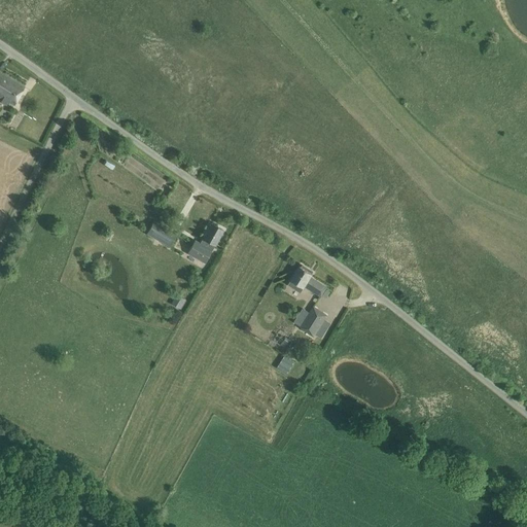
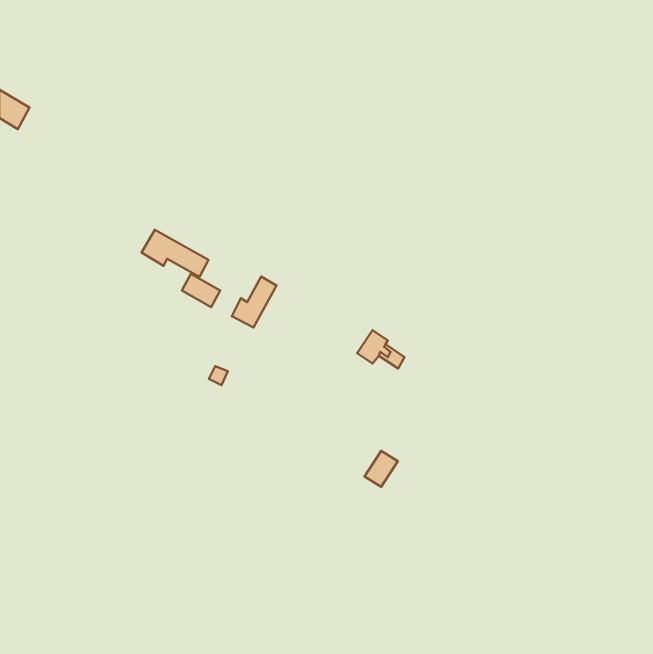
building: none -> [142,230,208,277]
building: [300,307,326,336] -> [365,451,398,487]

